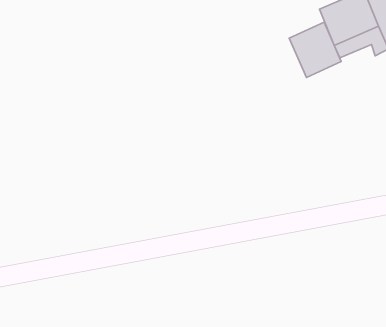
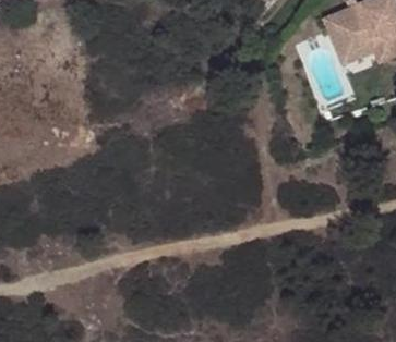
building: [289,22,341,77] -> none

